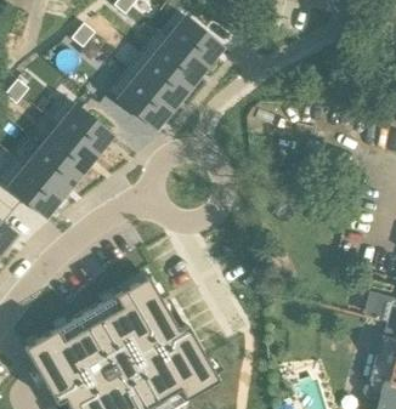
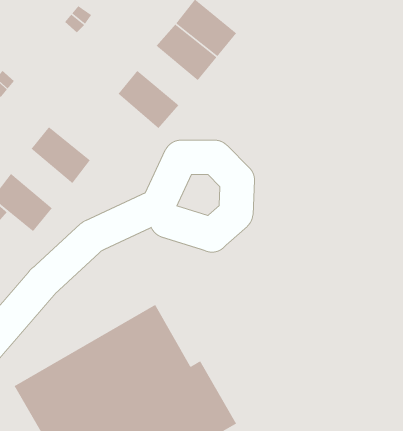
building: [132,56,185,107] -> none
building: [56,103,109,154] -> none
building: [23,144,77,195] -> none

